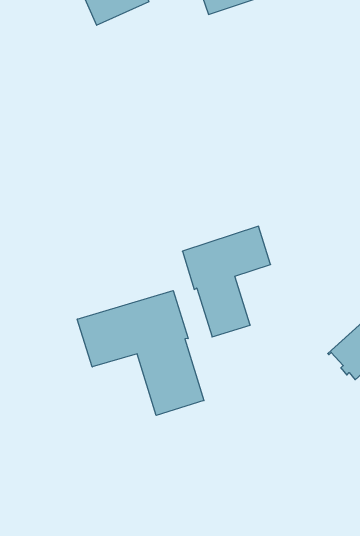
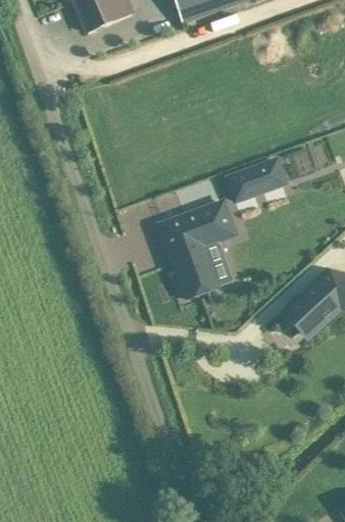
building: none -> [228,161,285,201]
building: [77,291,204,415] -> none

